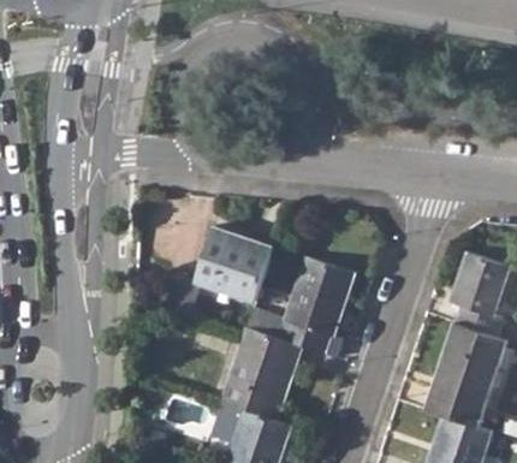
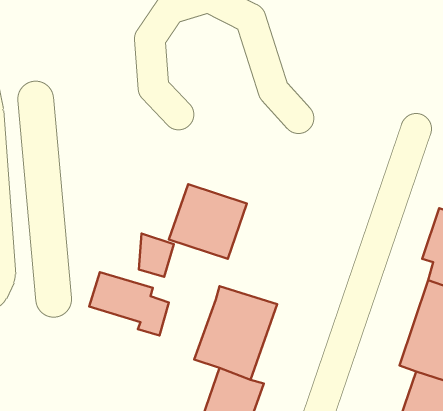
building: [244,260,355,355] -> none
building: none -> [89,272,169,335]

